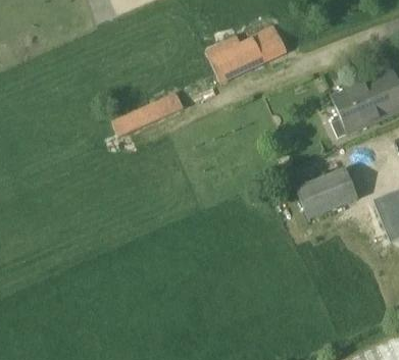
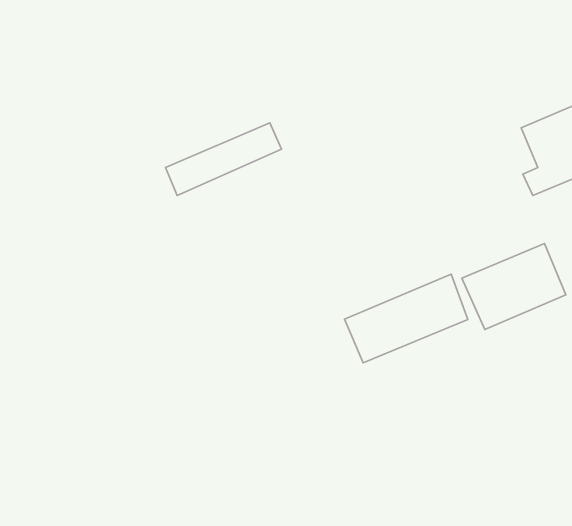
building: [204,23,286,83] -> none
building: none -> [345,274,468,363]

